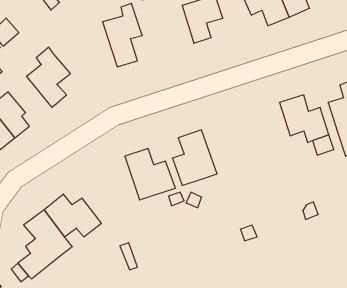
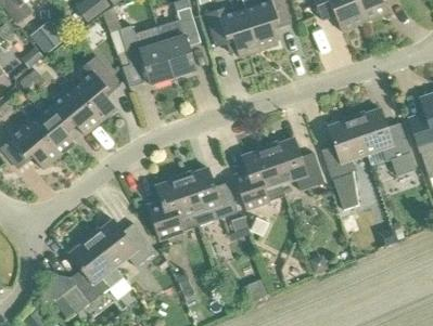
building: none -> [205,8,258,56]
building: none -> [119,25,173,84]
building: none -> [51,88,100,135]
building: none -> [320,117,366,210]
building: none -> [267,138,323,191]
building: none -> [147,177,198,239]

